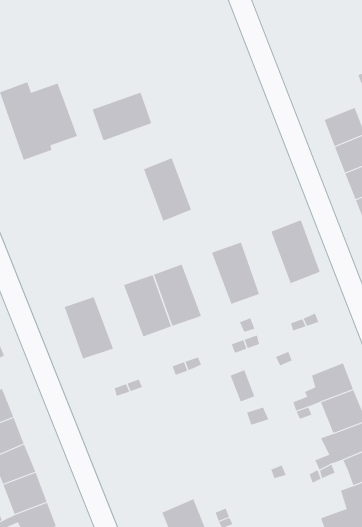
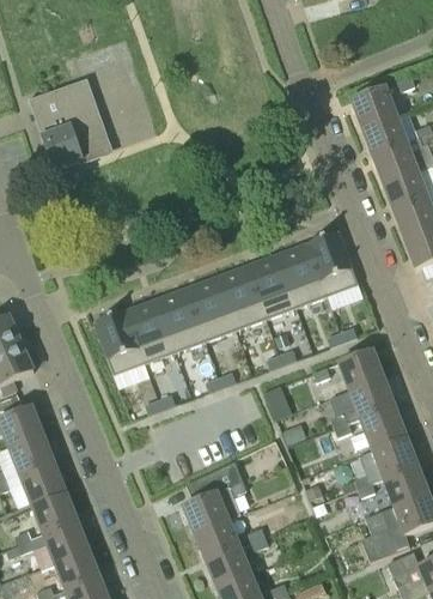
building: none -> [352,85,395,127]
building: [92,92,152,141] -> none
building: [143,158,192,221] -> [216,264,267,329]
building: none -> [278,242,328,307]
building: none -> [126,297,176,363]
building: none -> [337,347,383,391]
building: none -> [183,461,248,532]

